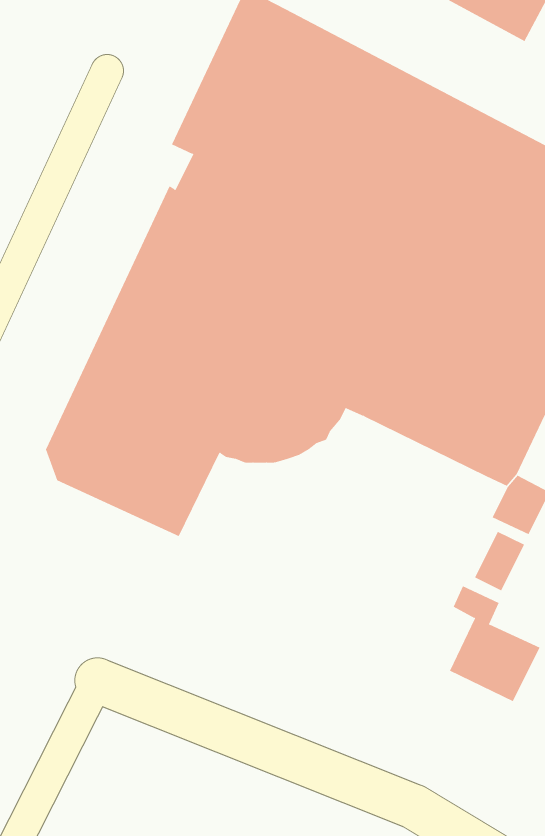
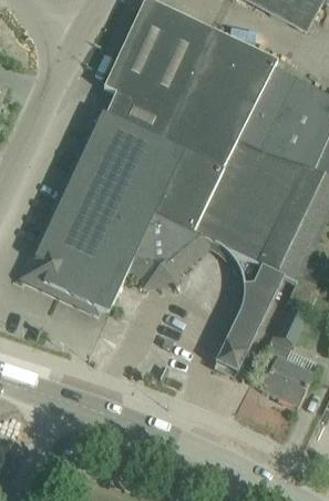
building: none -> [214,239,284,369]

